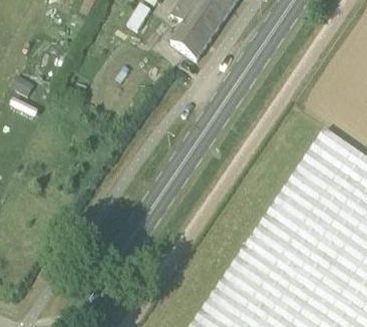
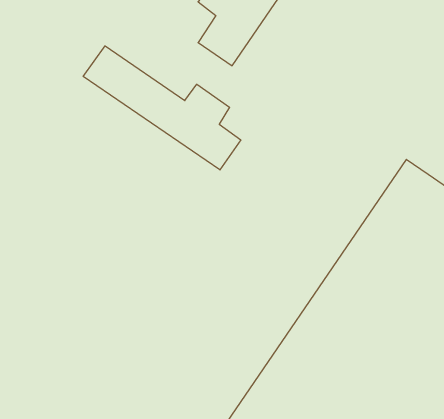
building: none -> [83,46,241,170]

